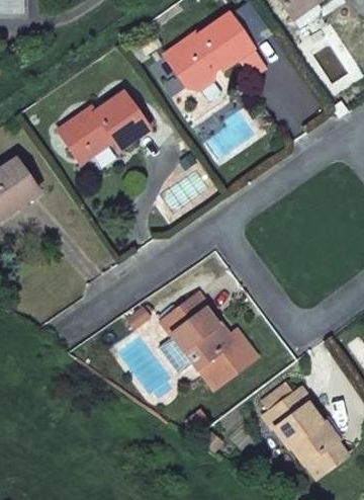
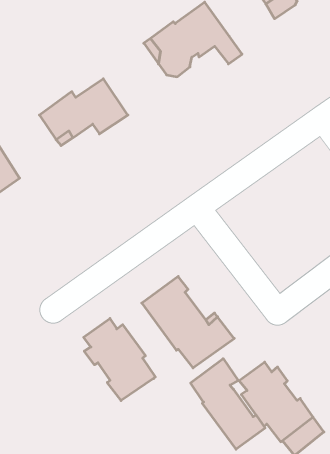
building: none -> [84,318,155,401]
building: none -> [191,359,265,449]

